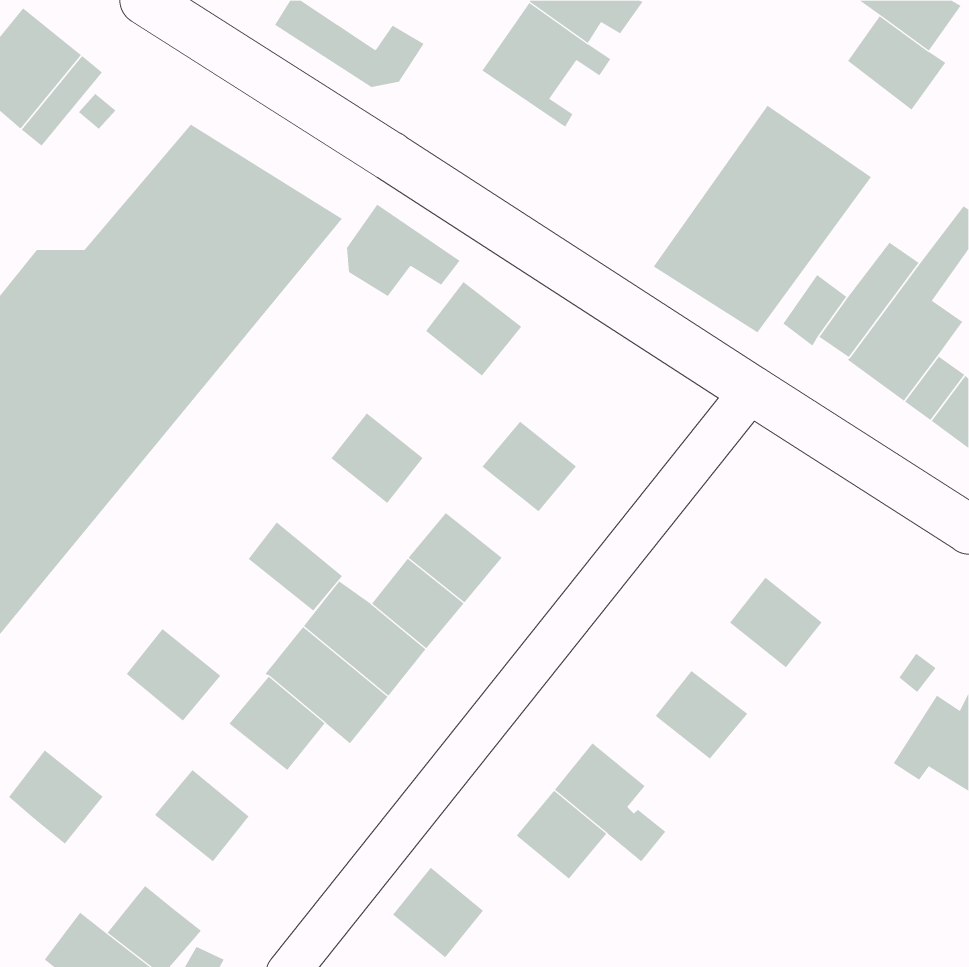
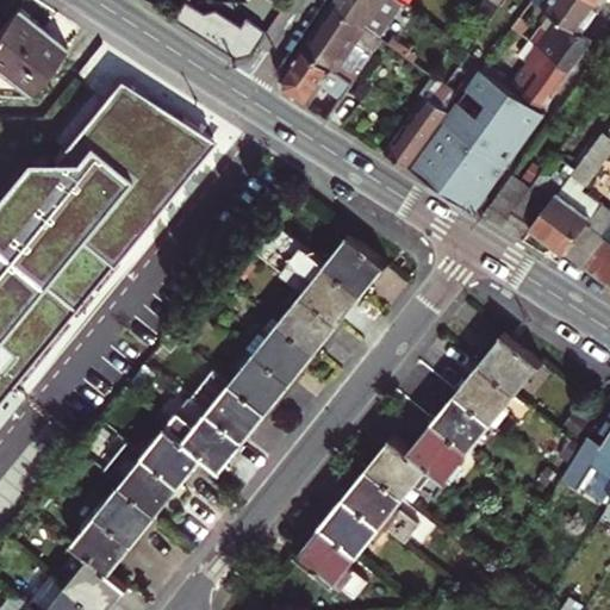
building: none -> [503,42,571,108]
building: none -> [386,76,460,167]
building: [346,204,460,297] -> [282,48,354,106]
building: [425,281,522,376] -> [325,236,386,295]
building: [330,412,424,504] -> [279,295,337,353]
building: [248,522,343,612] -> none
building: none -> [479,334,540,393]
building: none -> [432,393,492,450]
building: [126,628,221,722] -> [120,456,180,515]
building: none -> [371,440,428,496]
building: [8,749,103,845] -> [74,513,133,573]
building: [392,867,484,958] -> [299,527,356,584]

